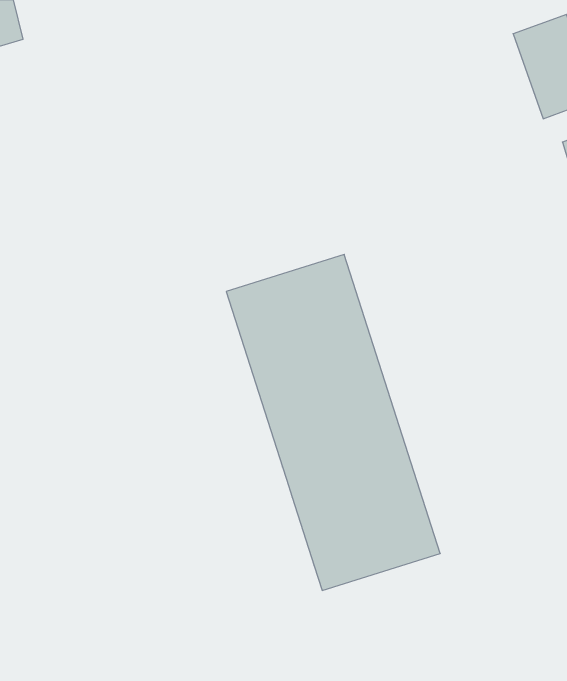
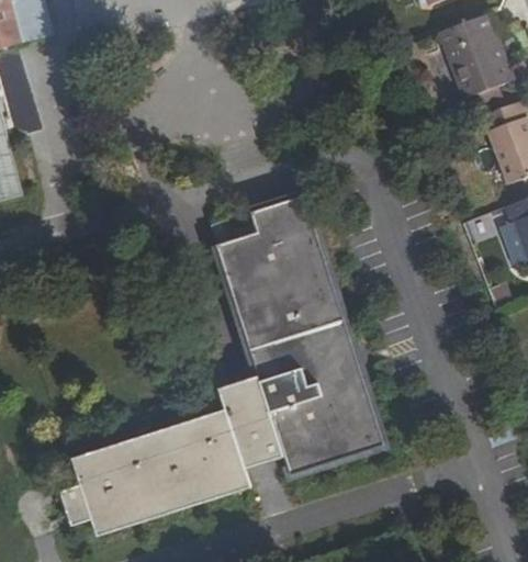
building: none -> [57,376,282,535]

